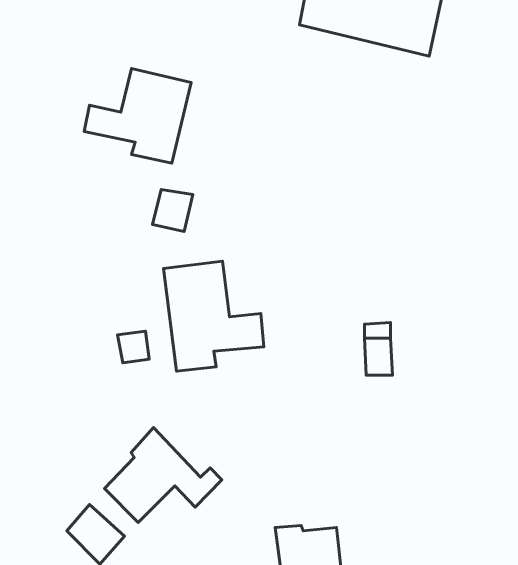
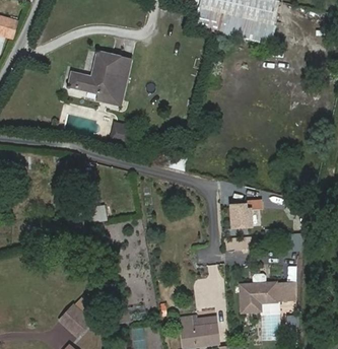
building: [163,261,264,371] -> none
building: [104,427,222,522] -> none
building: none -> [242,283,297,311]

